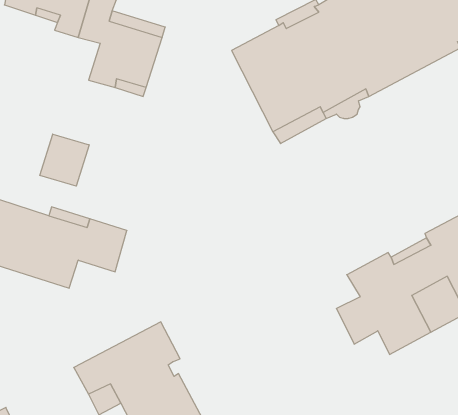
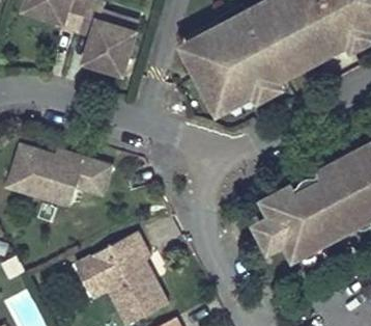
building: [40,134,89,186] -> none

